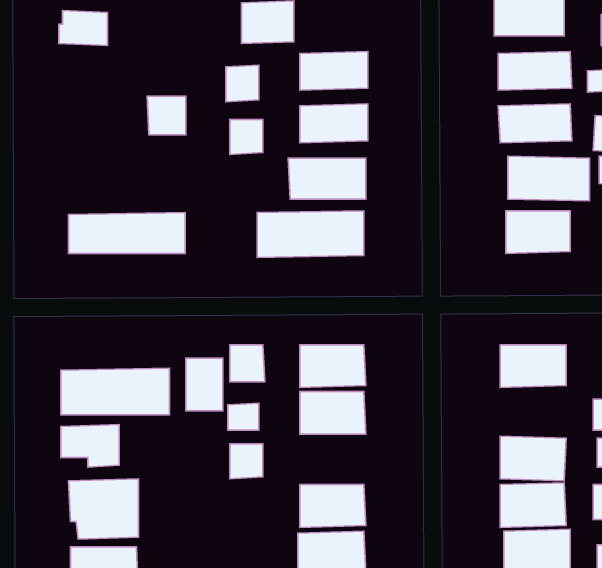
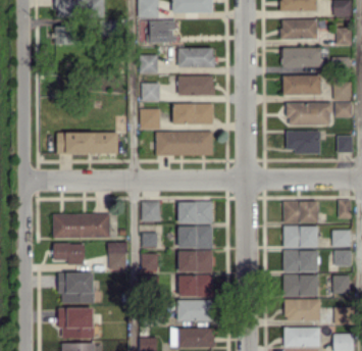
building: [147,96,186,135] -> [140,108,160,129]
building: [186,358,223,411] -> [108,242,127,269]
building: none -> [283,225,318,248]
building: none -> [178,250,213,272]

